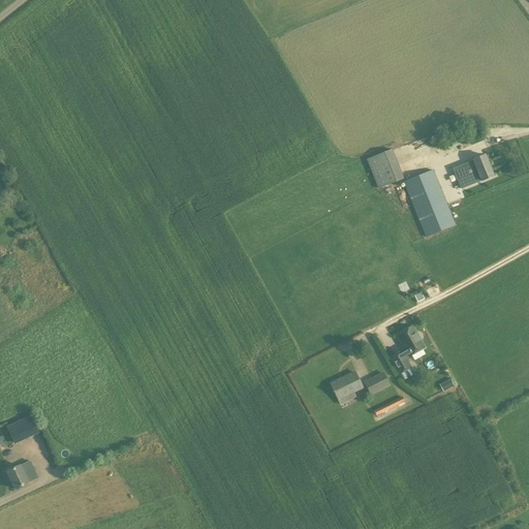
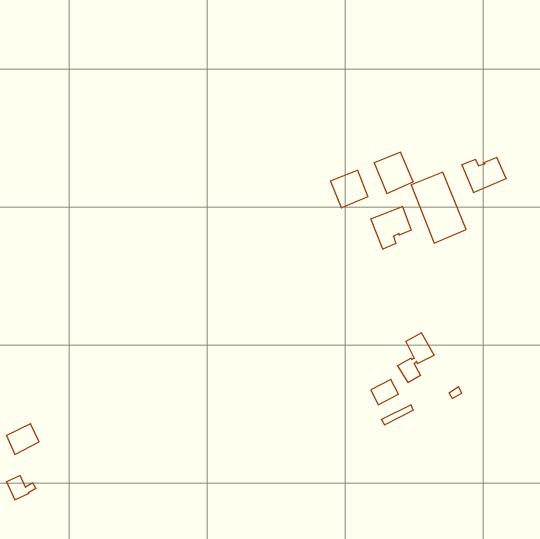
building: none -> [330,170,368,208]
building: none -> [371,206,411,249]
building: [330,371,363,401] -> none

